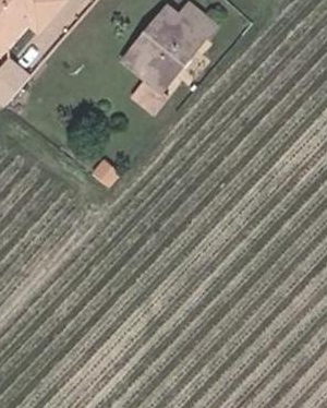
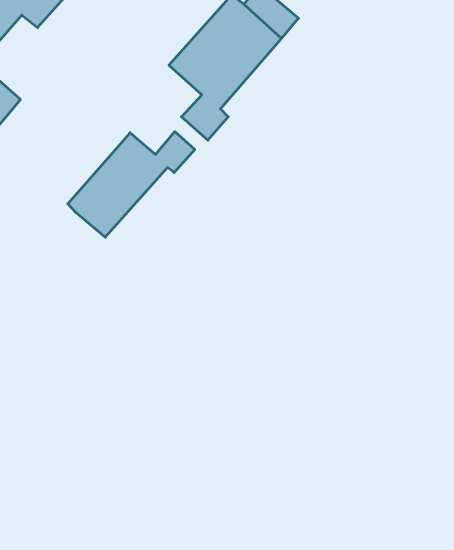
building: none -> [68,132,195,237]

